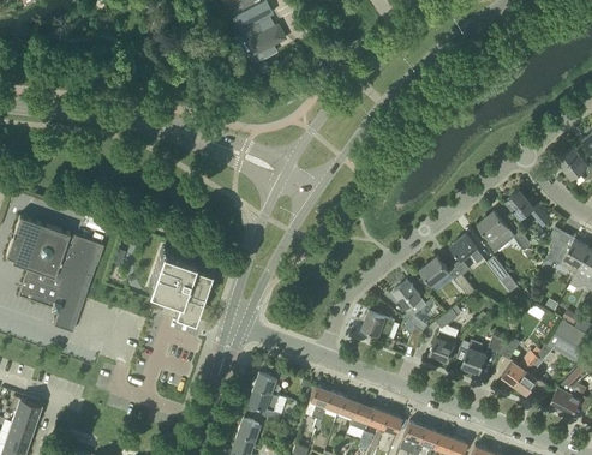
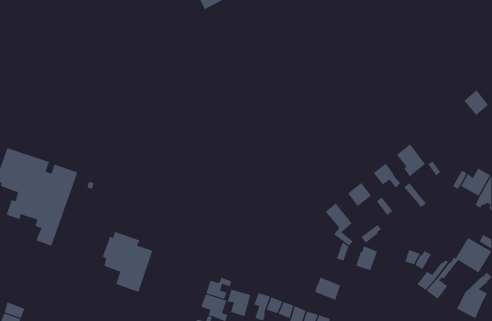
building: [507,191,550,226] -> none
building: [151,249,211,321] -> [102,231,153,292]
building: [363,312,394,340] -> [314,277,341,300]
building: [455,341,486,373] -> none
building: none -> [227,289,251,317]

